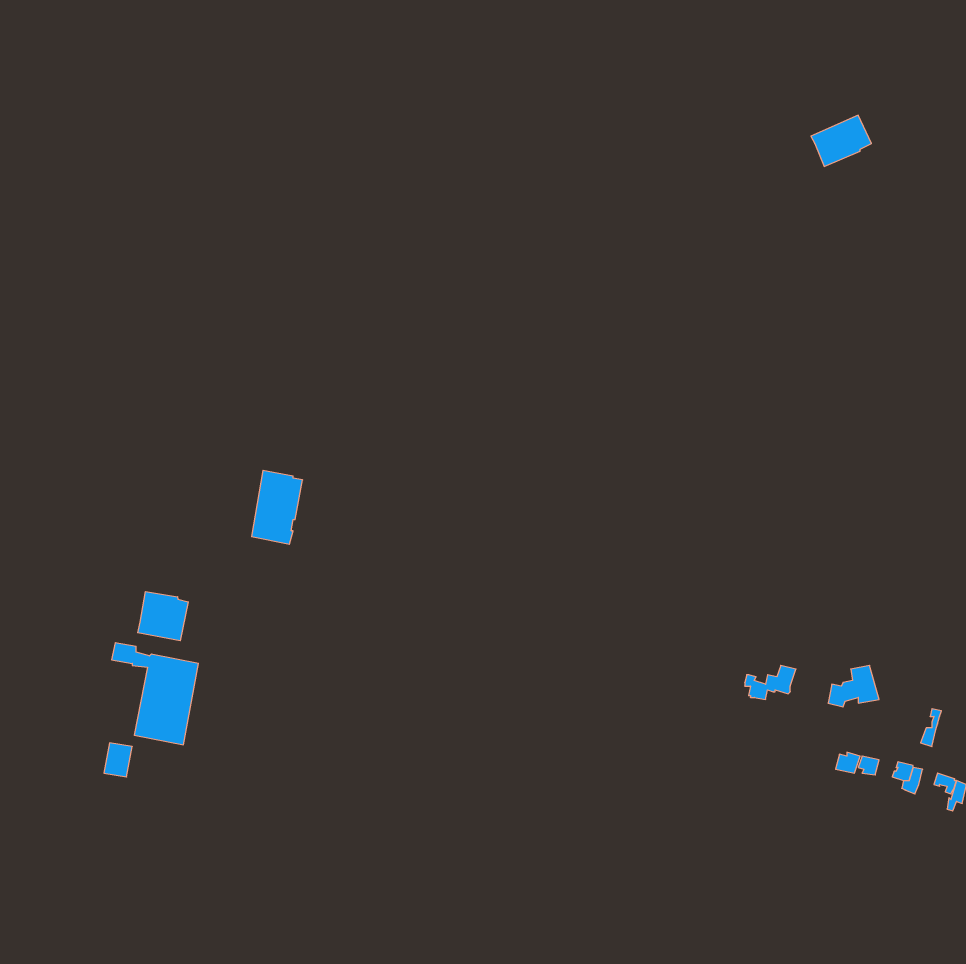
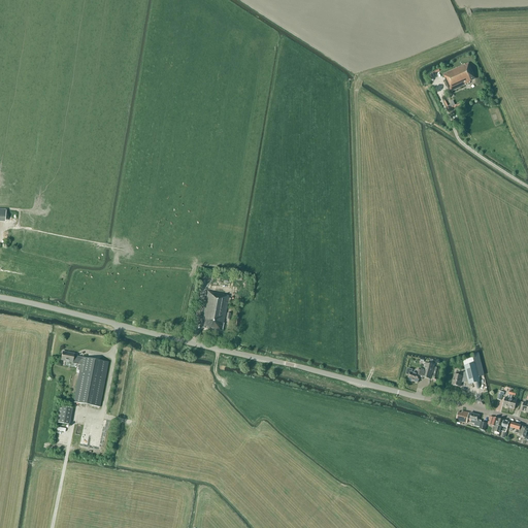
building: [252,470,303,544] -> [201,291,229,331]
building: [138,592,188,641] -> none

